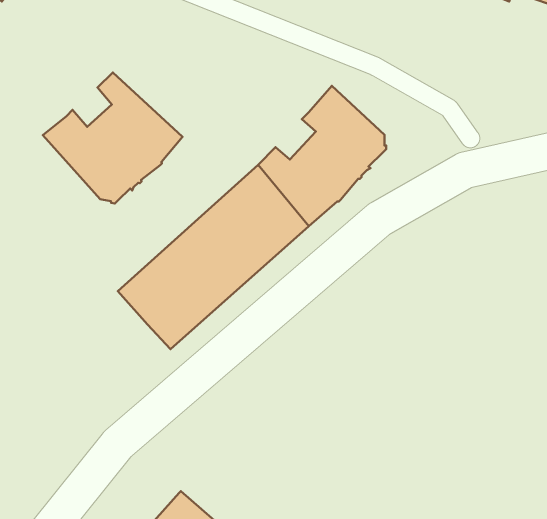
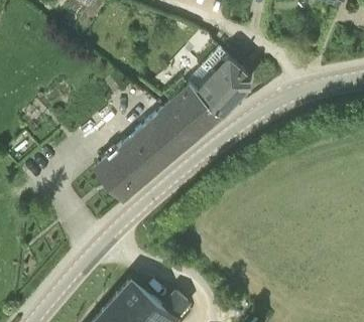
building: [43,72,183,204] -> none

